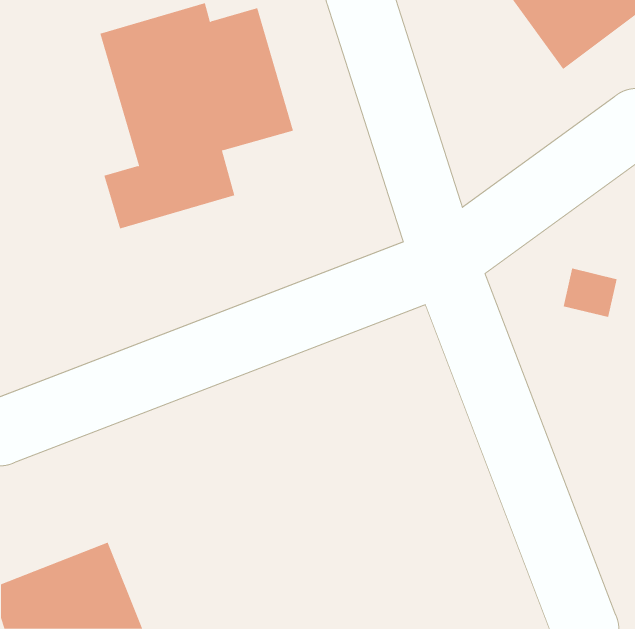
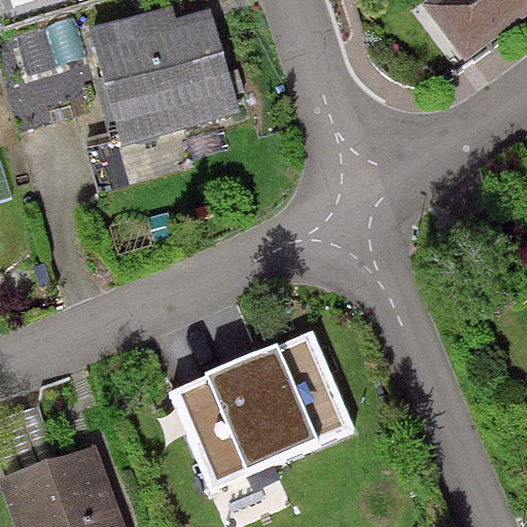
building: none -> [166,330,355,492]

